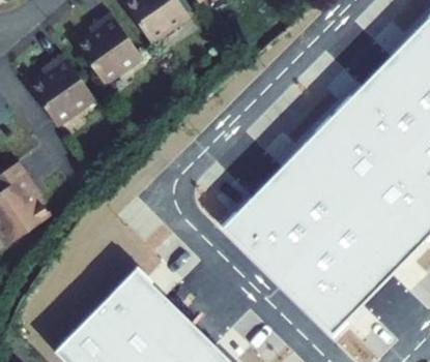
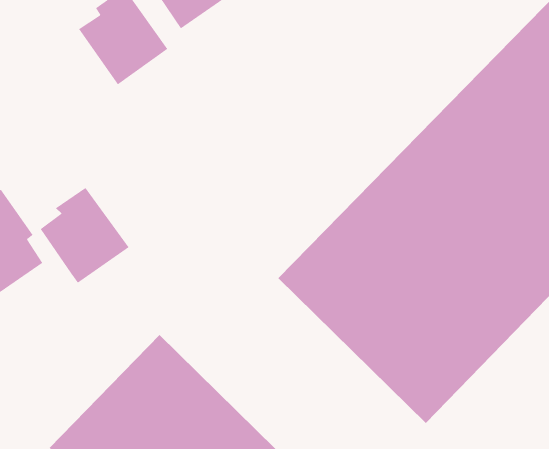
building: [29,54,95,125] -> [40,187,129,284]

